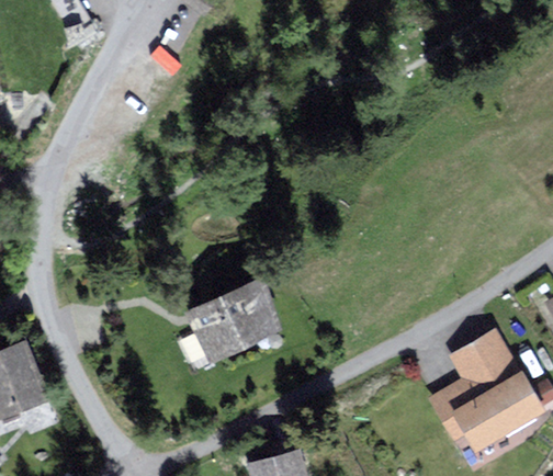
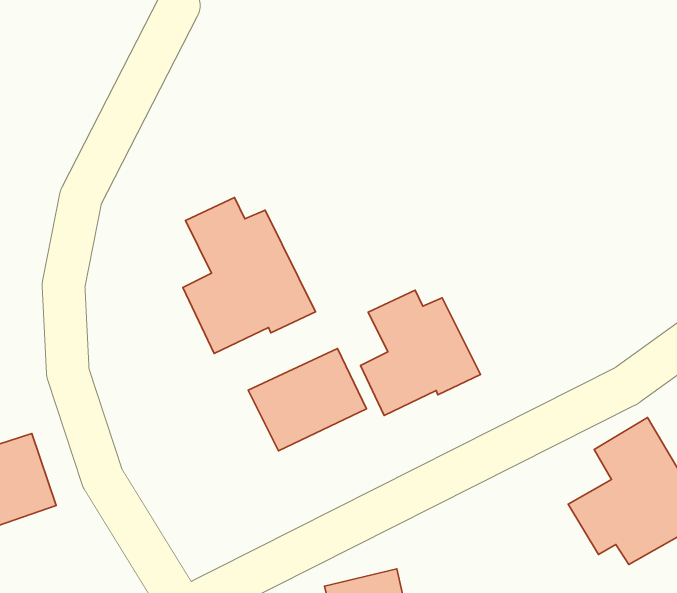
building: none -> [183,198,315,353]
building: none -> [360,290,481,415]

